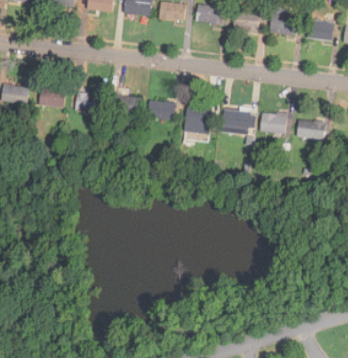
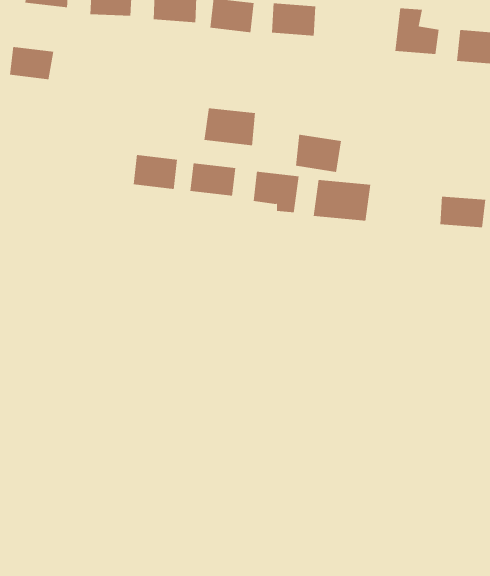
building: [233,10,260,32] -> none
building: none -> [204,107,255,146]
building: [39,88,66,108] -> [9,47,54,80]
building: [75,92,103,113] -> none
building: [260,112,288,135] -> [295,134,342,173]

